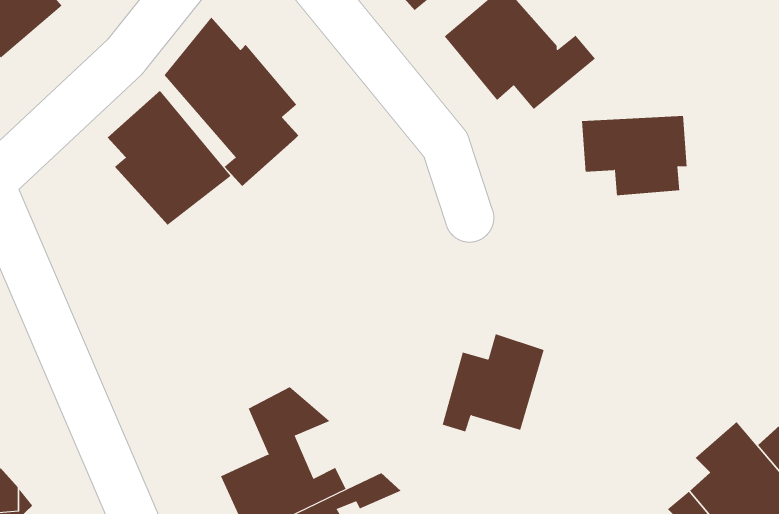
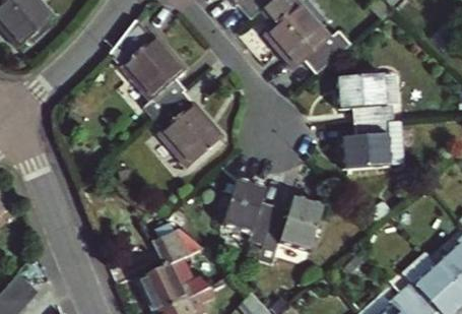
building: [107,90,232,225] -> [152,90,221,166]
building: none -> [345,119,404,169]
building: none -> [220,181,274,249]

